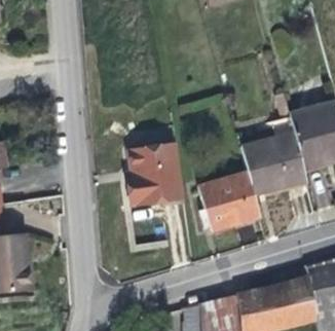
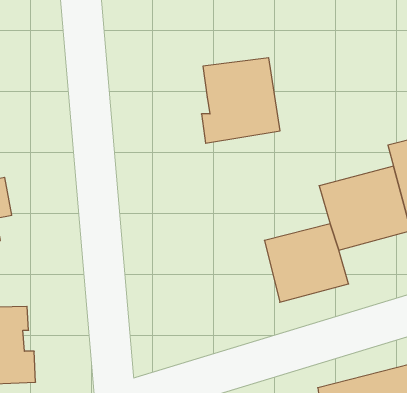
building: [126,146,184,209] -> [201,58,280,143]

